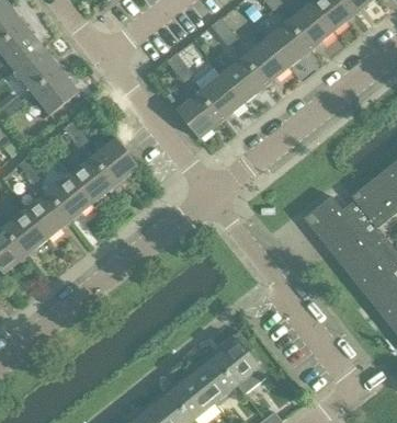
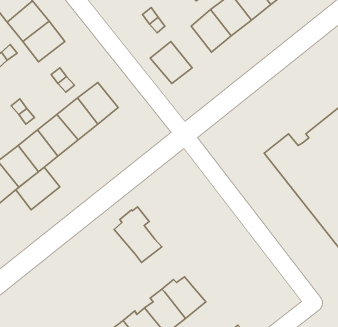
building: [197,73,243,121] -> none
building: none -> [16,167,60,210]
building: [213,331,266,393] -> [114,207,162,262]

